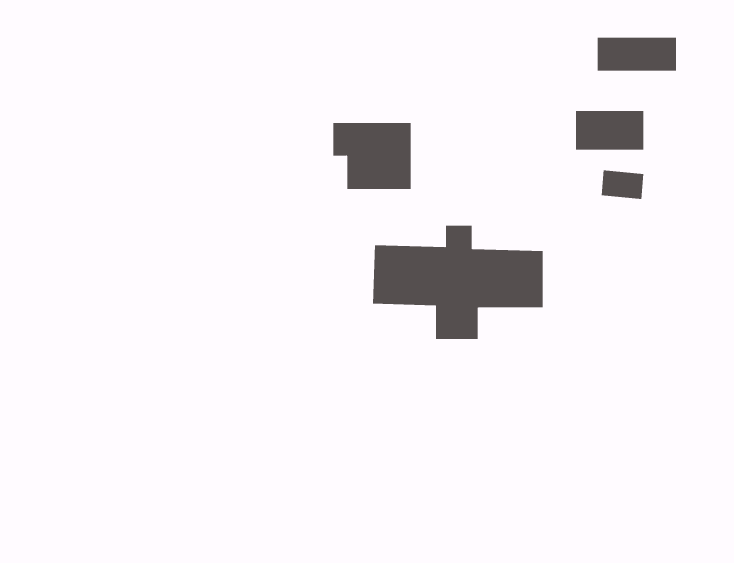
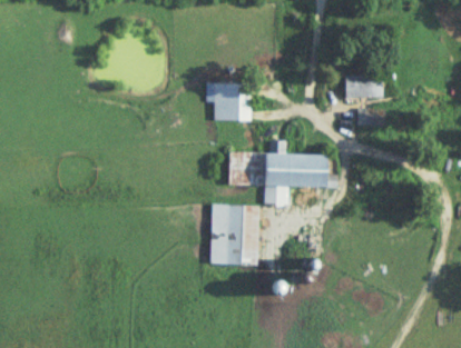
building: [597,37,677,71] -> none
building: none -> [210,203,259,266]

